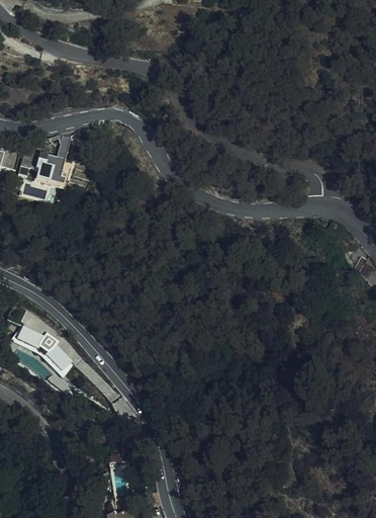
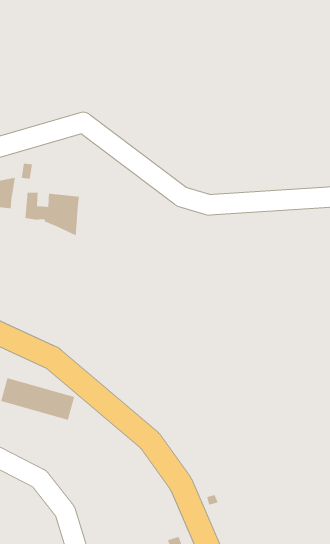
building: none -> [24,192,80,236]

